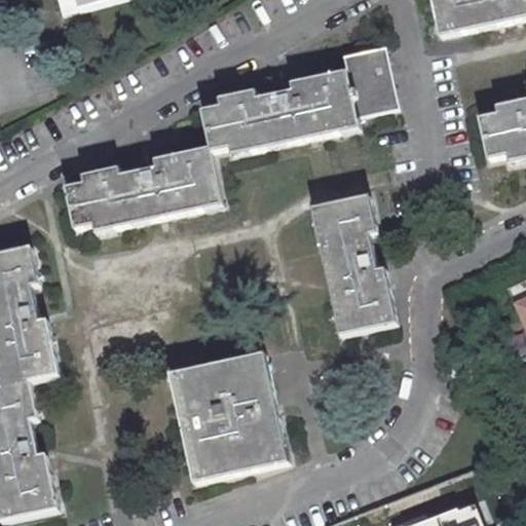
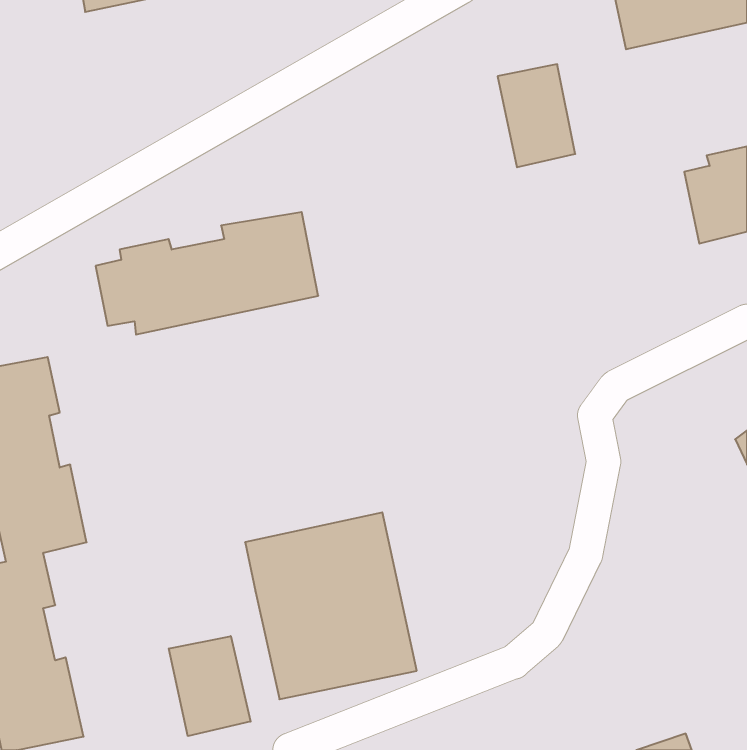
building: [200,69,355,154] -> none
building: [312,195,394,336] -> none
building: none -> [169,636,251,736]

